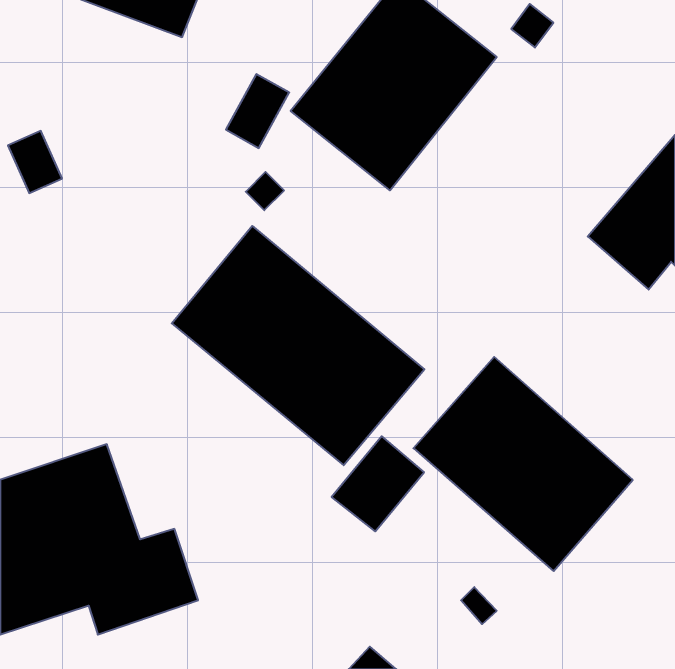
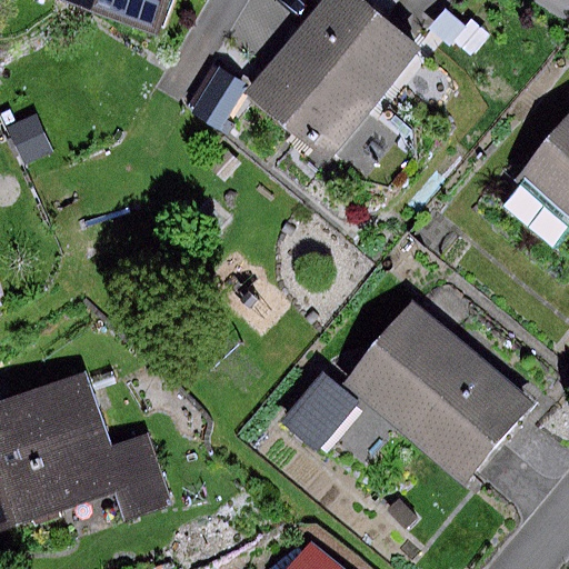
building: [172,226,424,465] -> none

